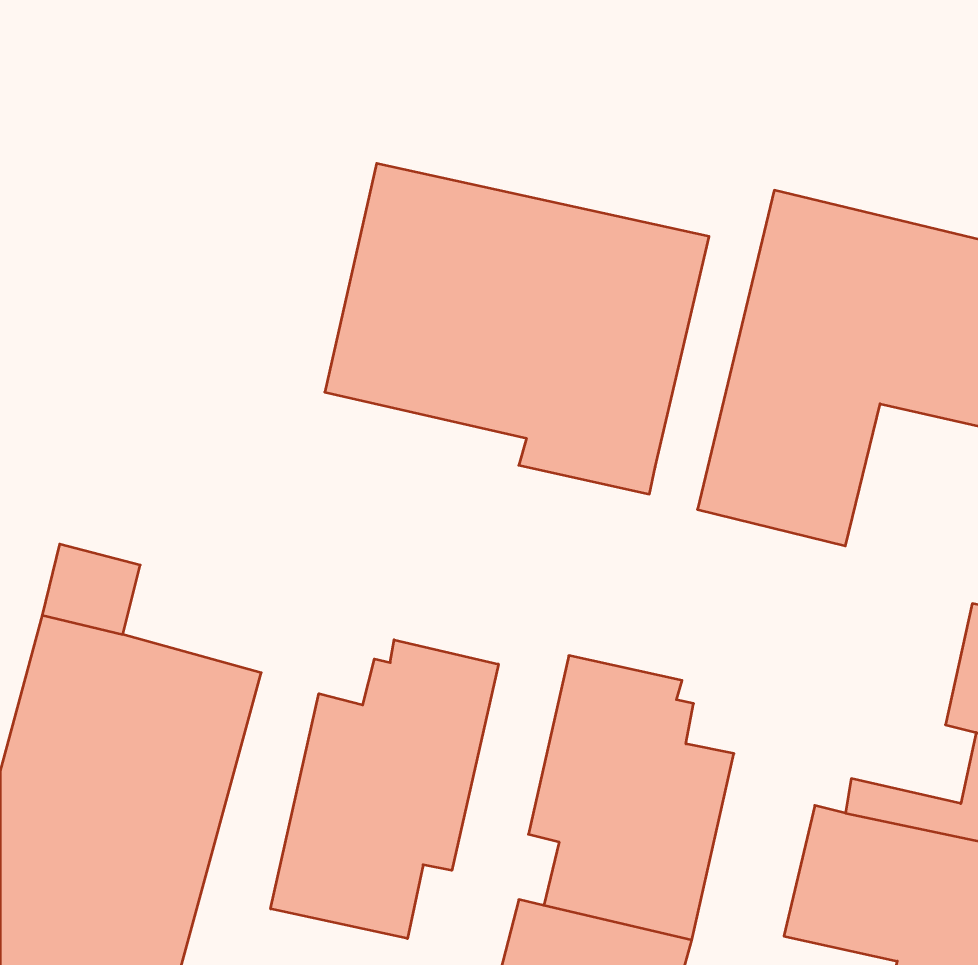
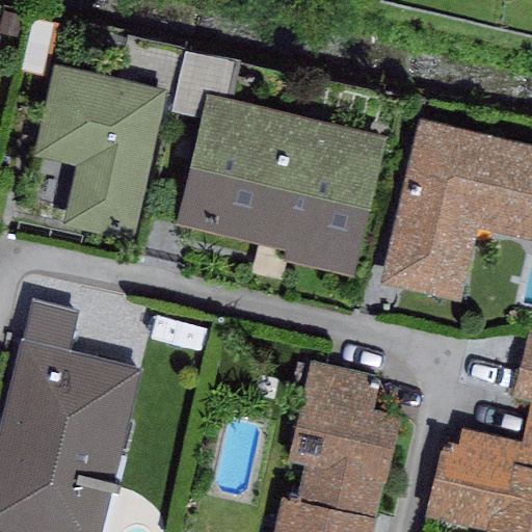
building: none -> [31,61,167,240]
building: [271,640,498,939] -> none

